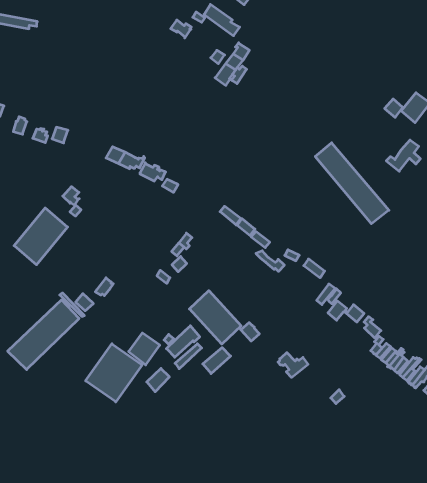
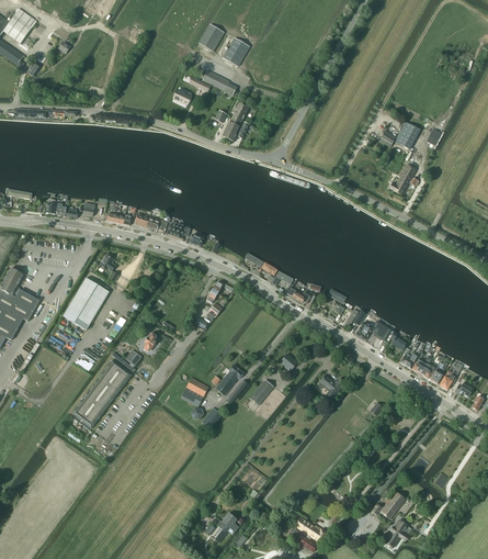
building: [315,143,389,224] -> none
building: [189,291,241,344] -> none
building: [86,344,142,402] -> none

